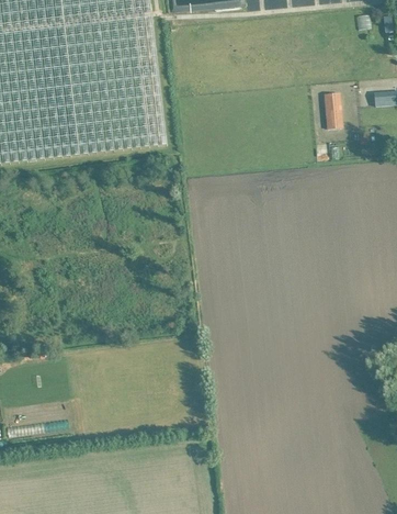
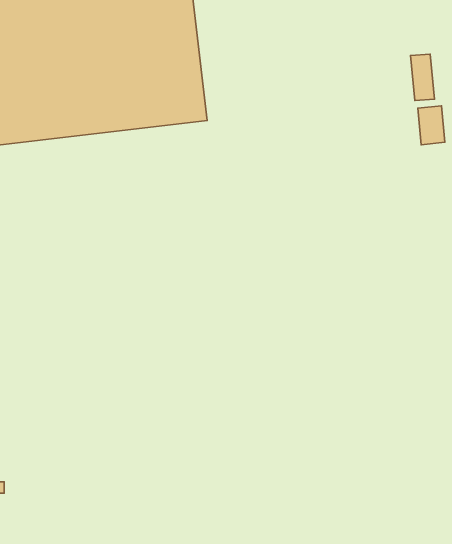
building: none -> [418,106,445,145]

